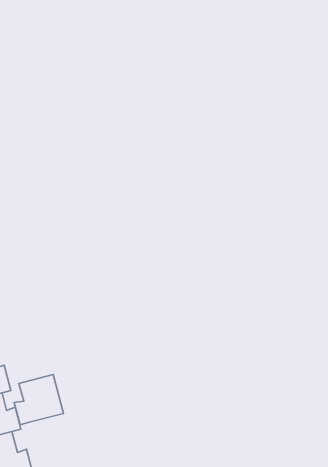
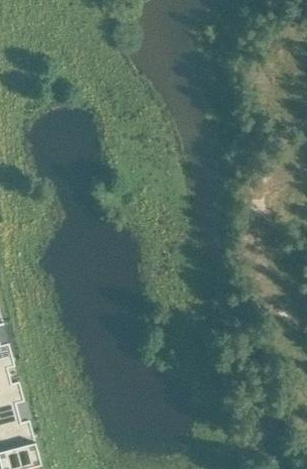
building: [14,375,64,425] -> none

